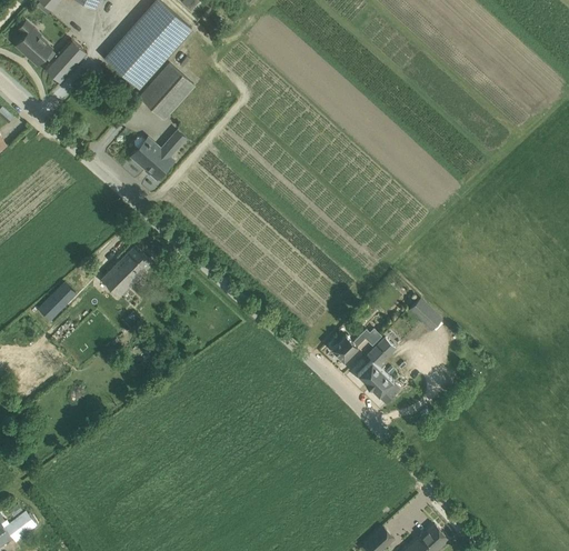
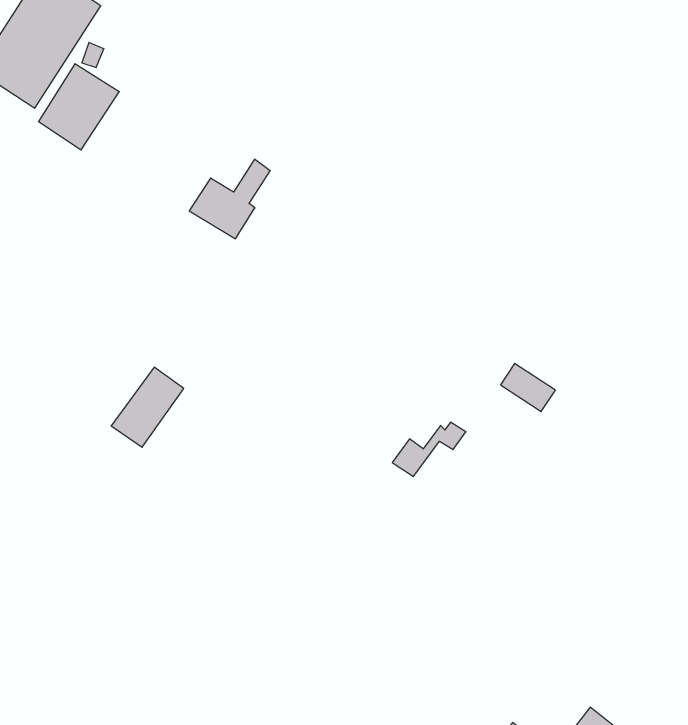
building: [130,130,186,179] -> [189,159,270,239]
building: [101,247,151,297] -> [111,367,184,447]
building: [357,339,399,401] -> none

